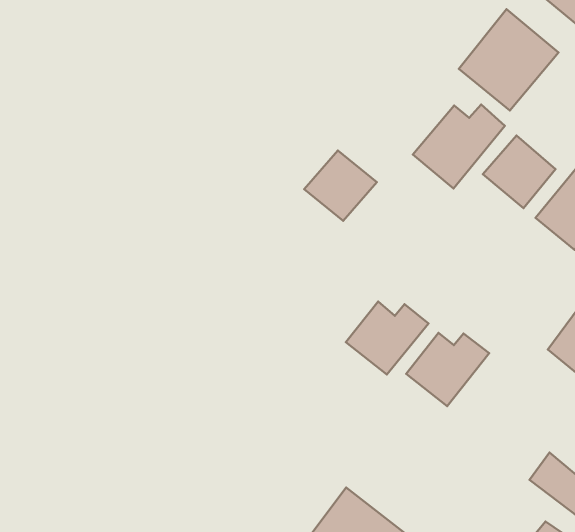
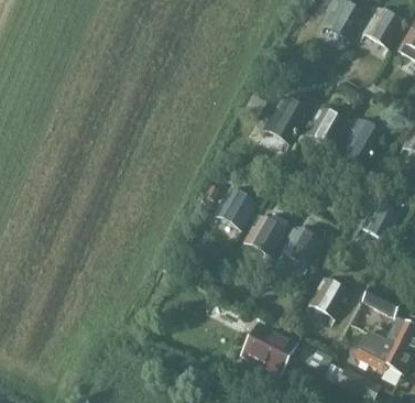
building: [459,9,559,110] -> none
building: [304,150,377,221] -> [215,189,255,229]
building: none -> [309,276,350,316]

